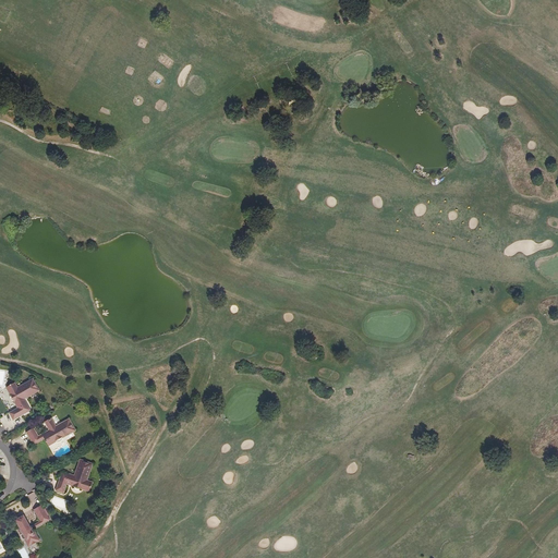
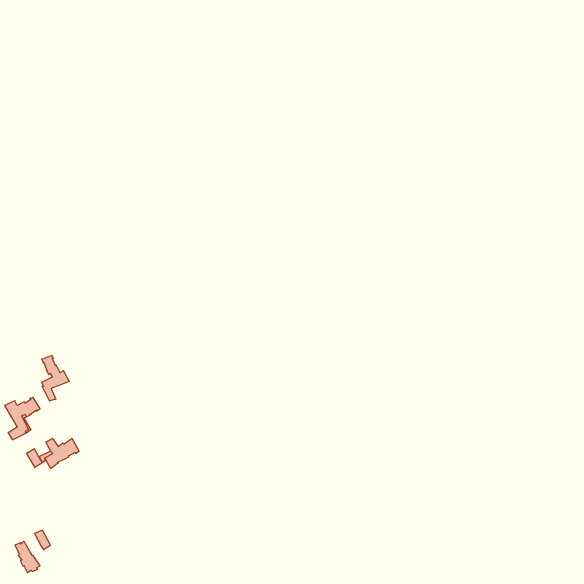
building: none -> [42,355,69,401]
building: [54,459,92,493] -> none

